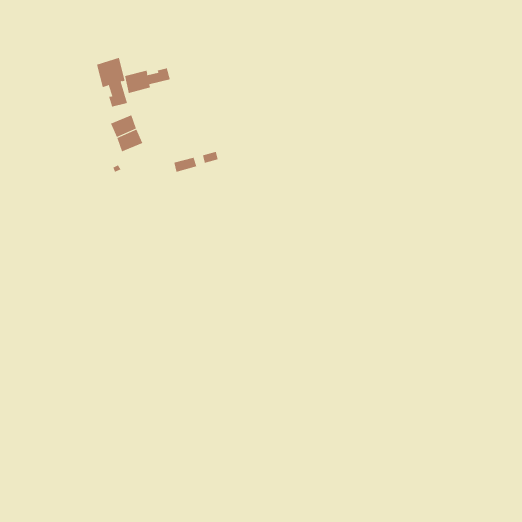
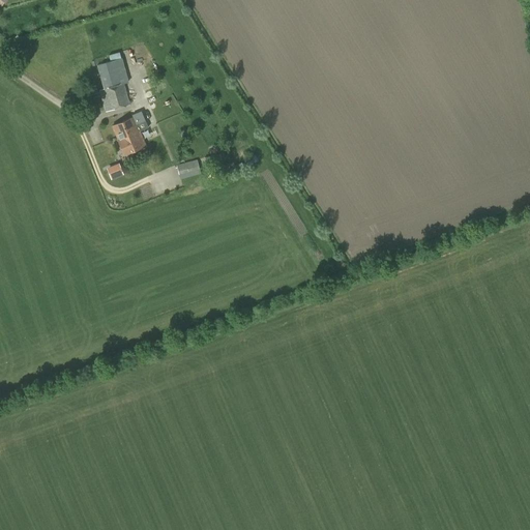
building: [125,68,171,94] -> none

